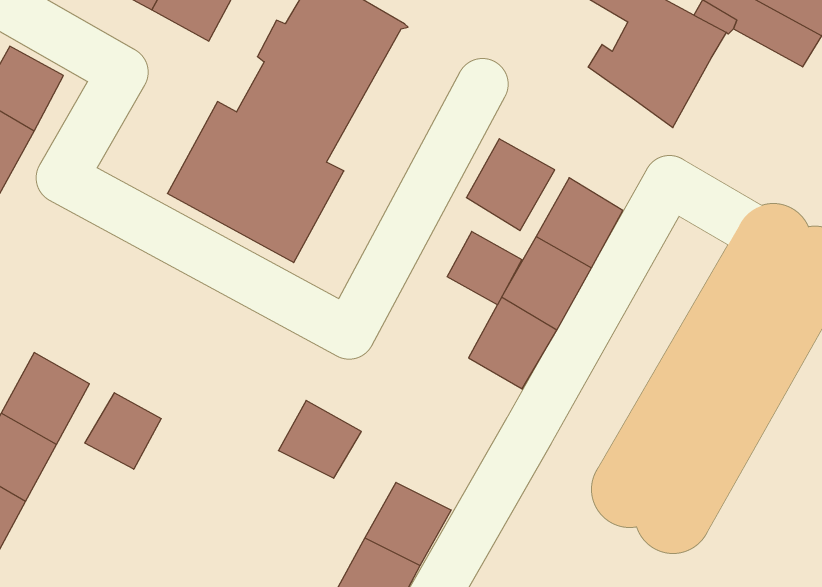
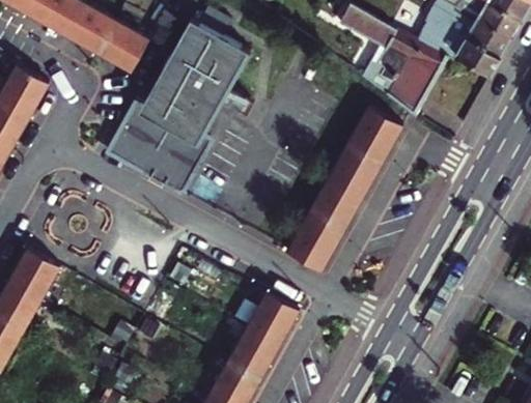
building: [466,139,555,231] -> [348,108,401,163]
building: [447,231,522,305] -> none
building: [85,393,161,469] -> none
building: [278,400,361,478] -> [245,295,295,342]

